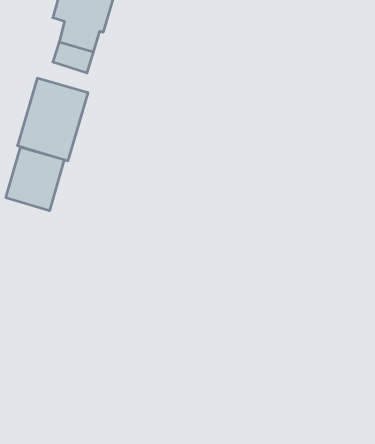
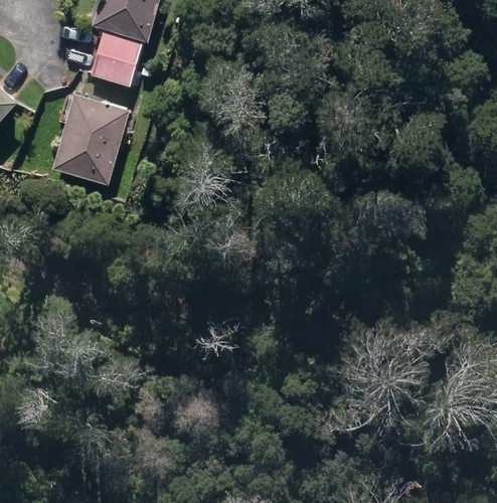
building: [6,147,64,211] -> none

